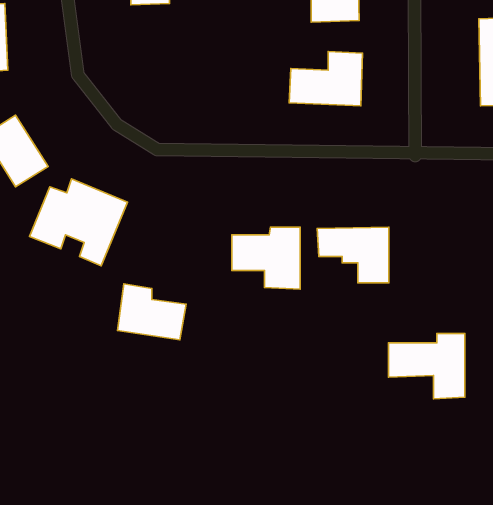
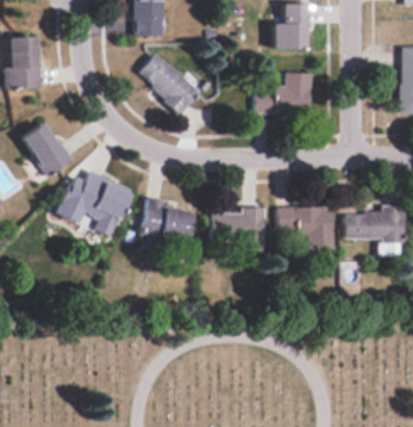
building: none -> [138,51,200,112]
building: [118,284,186,340] -> [142,197,194,240]
building: [389,334,465,399] -> [345,205,403,255]

